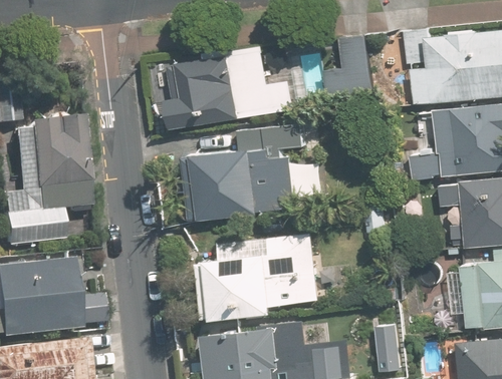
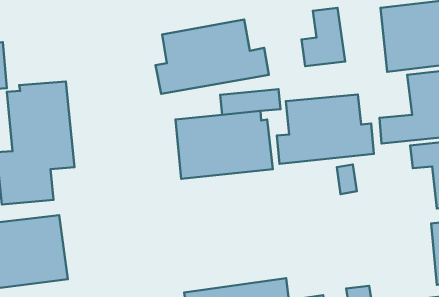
building: none -> [277,94,374,164]
building: [202,233,316,318] -> none

